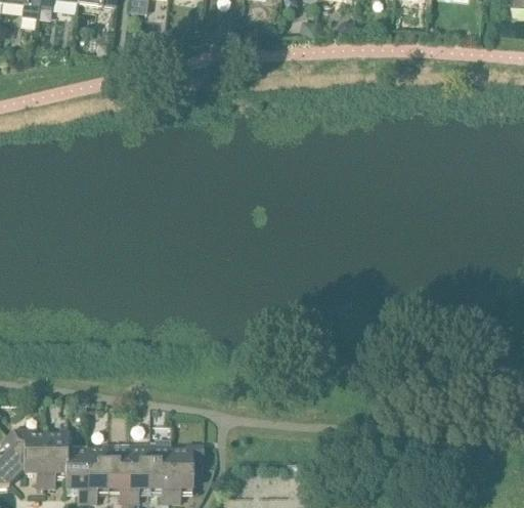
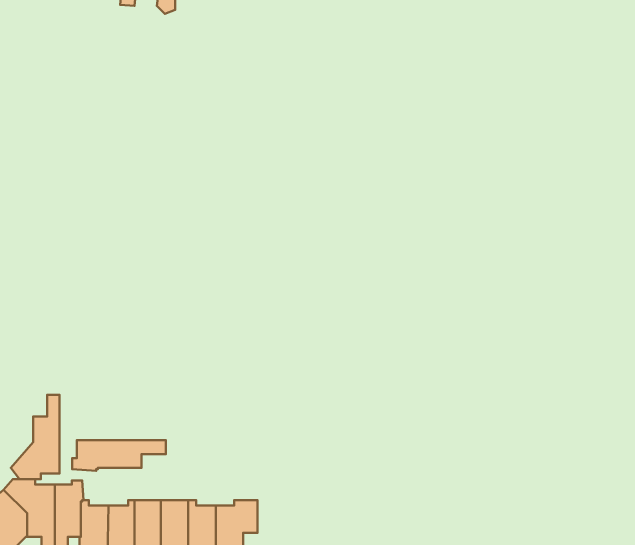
building: none -> [11,395,59,479]
building: none -> [72,440,166,471]

